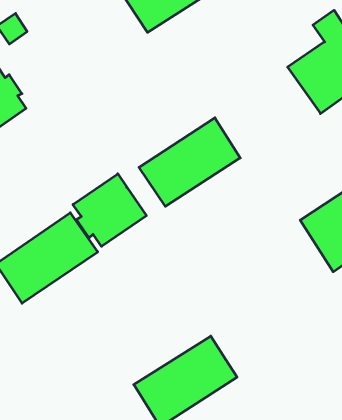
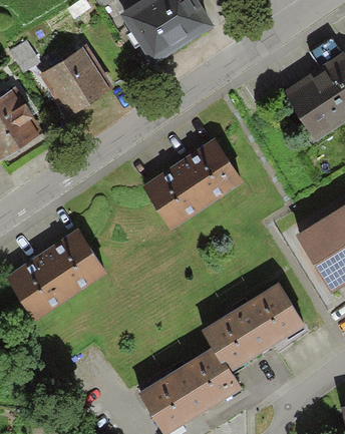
building: none -> [40,47,107,114]
building: [73,174,146,246] -> none
building: none -> [203,285,301,370]

